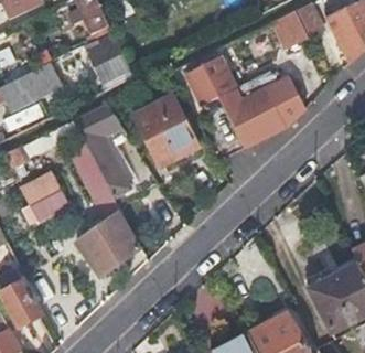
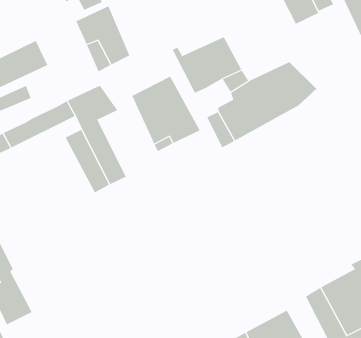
building: [23,173,65,215] -> none
building: [85,217,143,276] -> none

